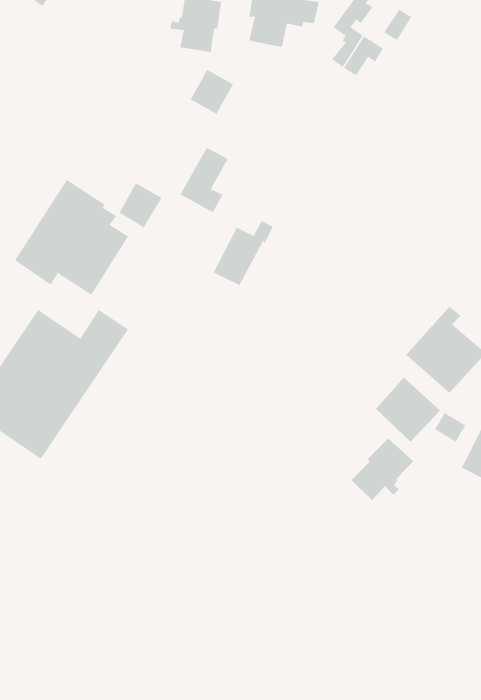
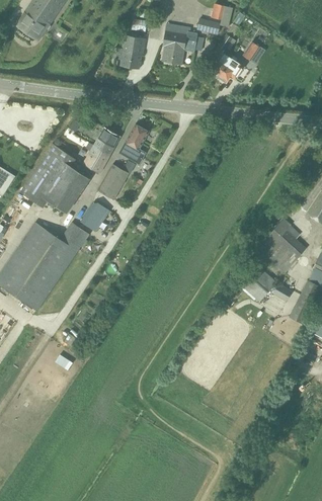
building: [190,69,234,115] -> [93,128,119,155]
building: [213,220,273,286] -> [98,160,135,199]
building: none -> [80,202,106,230]
building: [351,438,414,501] -> none

